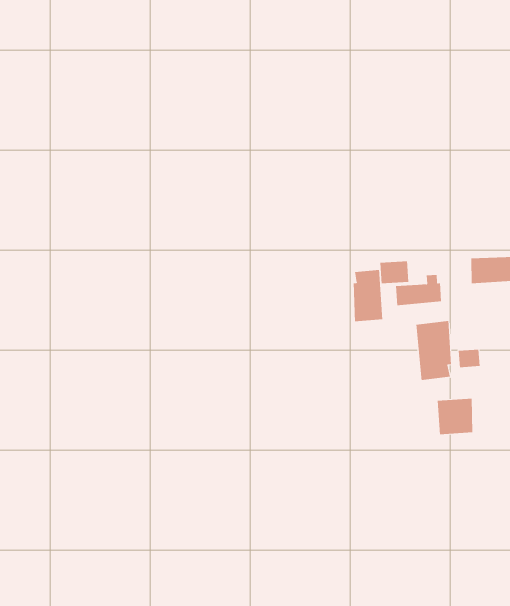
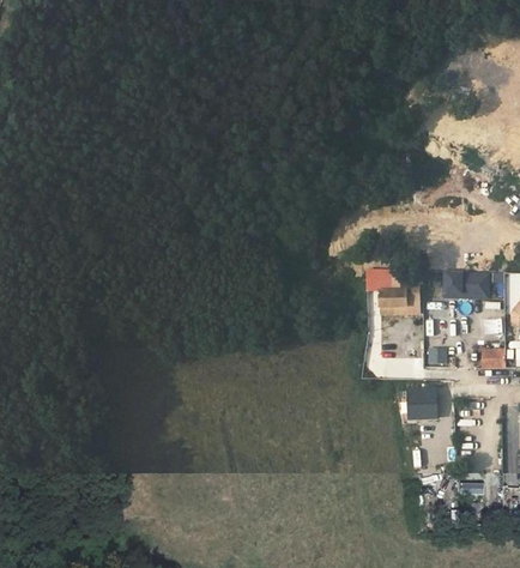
building: [353,269,383,322] -> none
building: [416,320,452,381] -> none

